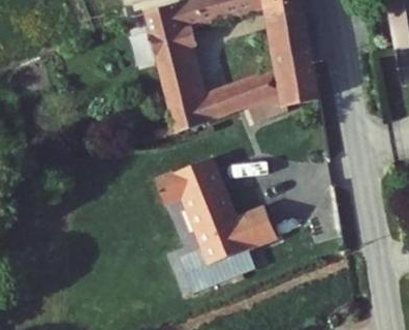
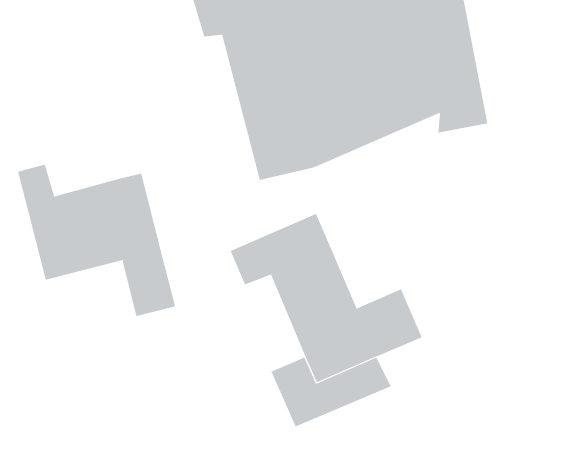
building: none -> [18,164,176,317]

